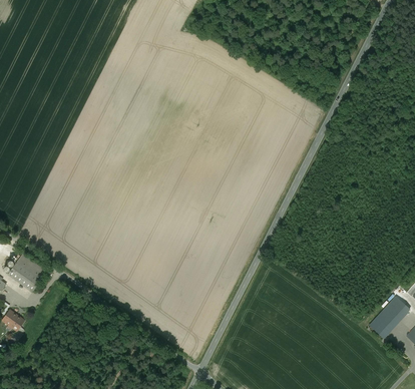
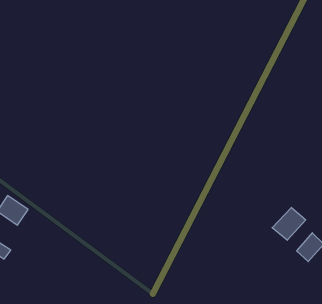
building: none -> [272,207,306,240]

